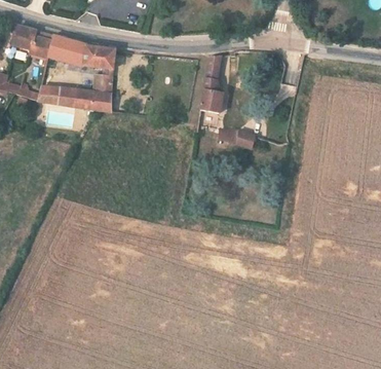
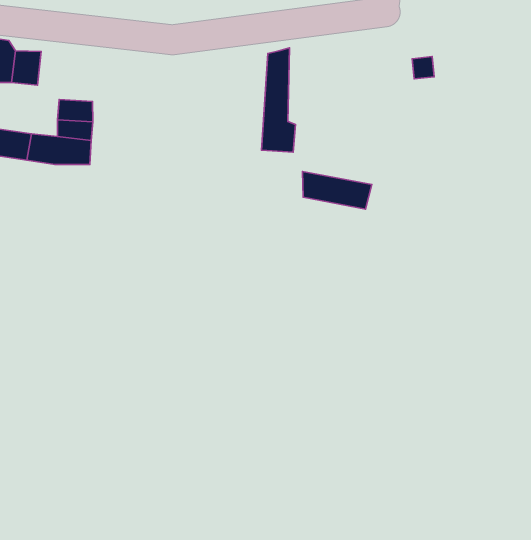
building: [77,44,111,67] -> none

